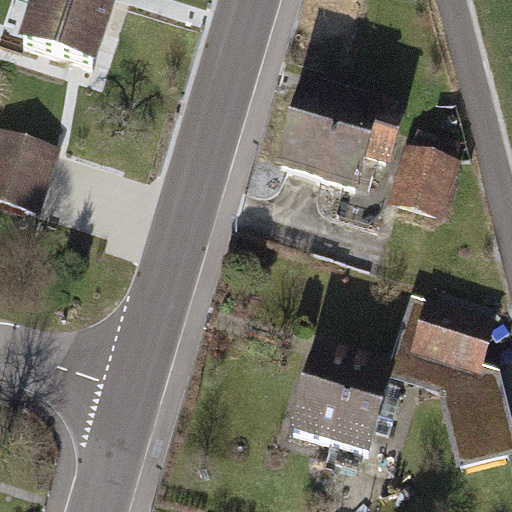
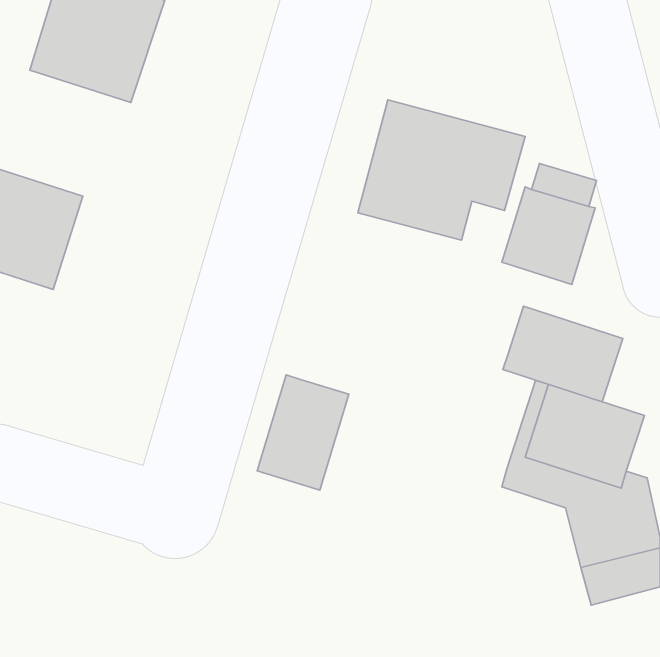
building: none -> [503,306,623,402]
building: none -> [257,375,349,490]
building: [285,337,391,449] -> none

